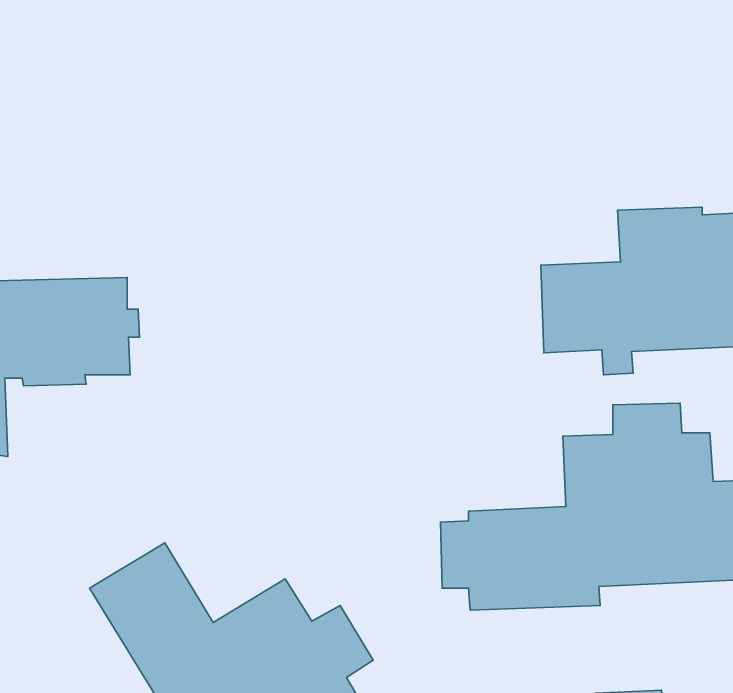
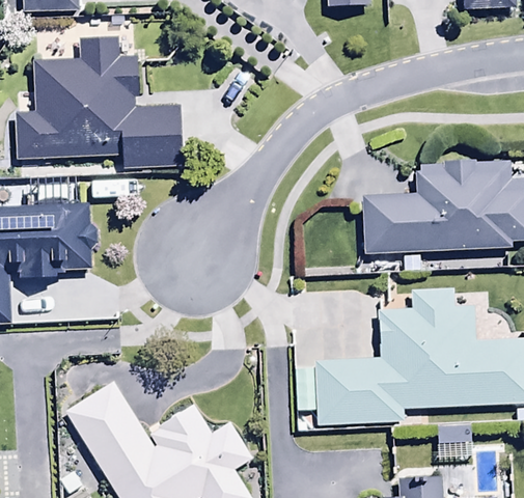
building: none -> [13,36,182,170]

